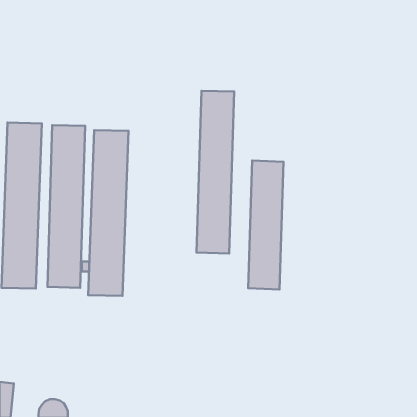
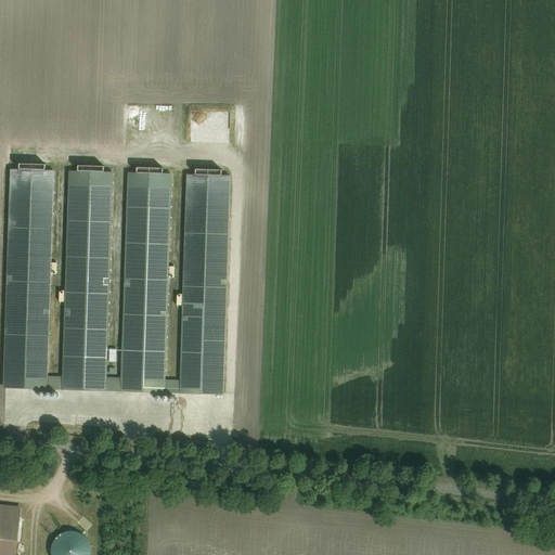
building: [197,91,234,253] -> [178,177,228,392]
building: [248,161,284,289] -> none

